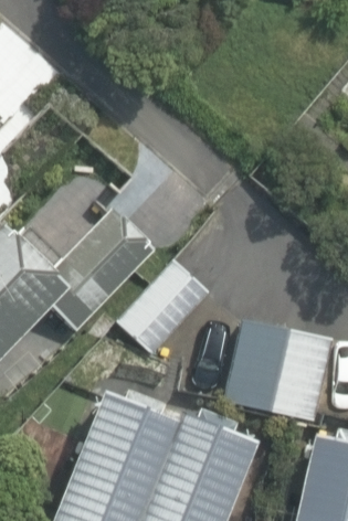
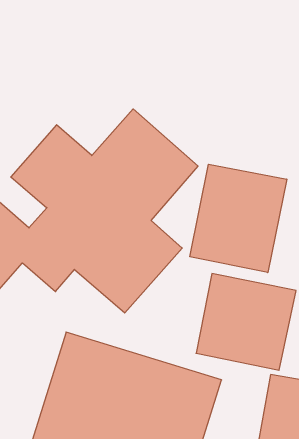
building: none -> [190,164,287,273]

